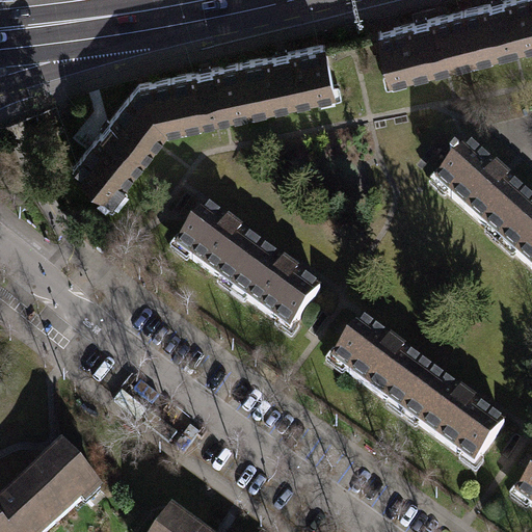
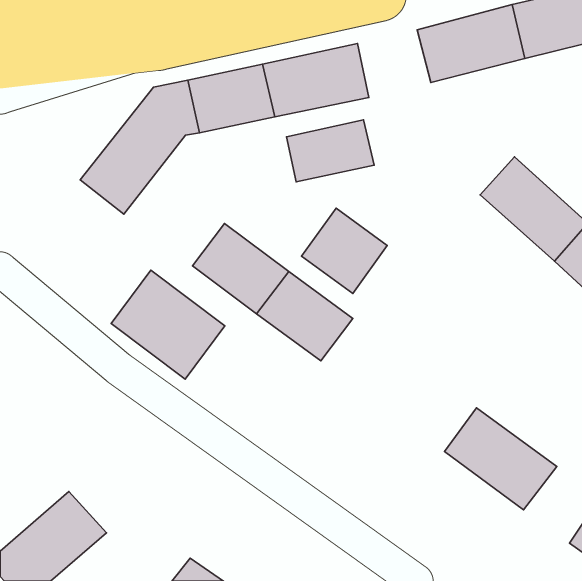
building: none -> [287,120,374,182]
building: none -> [302,208,387,294]
building: none -> [111,270,225,379]
building: [335,317,435,409] -> none

